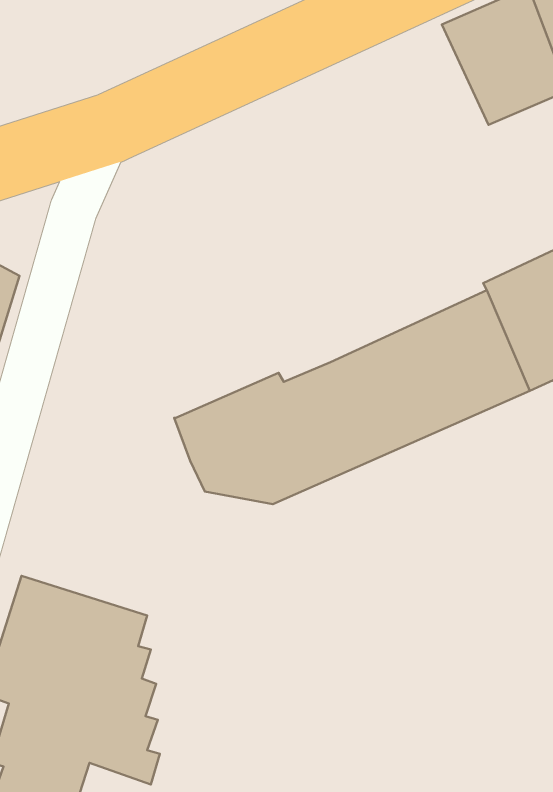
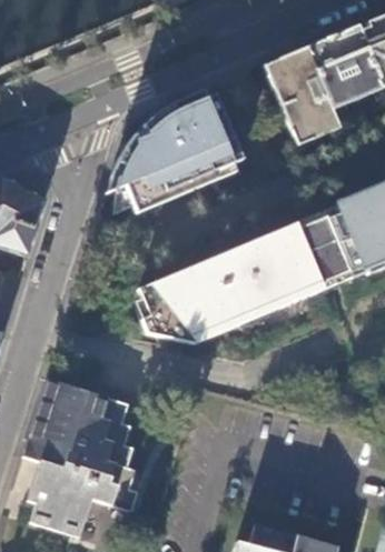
building: none -> [264,44,340,142]
building: none -> [119,101,245,218]

